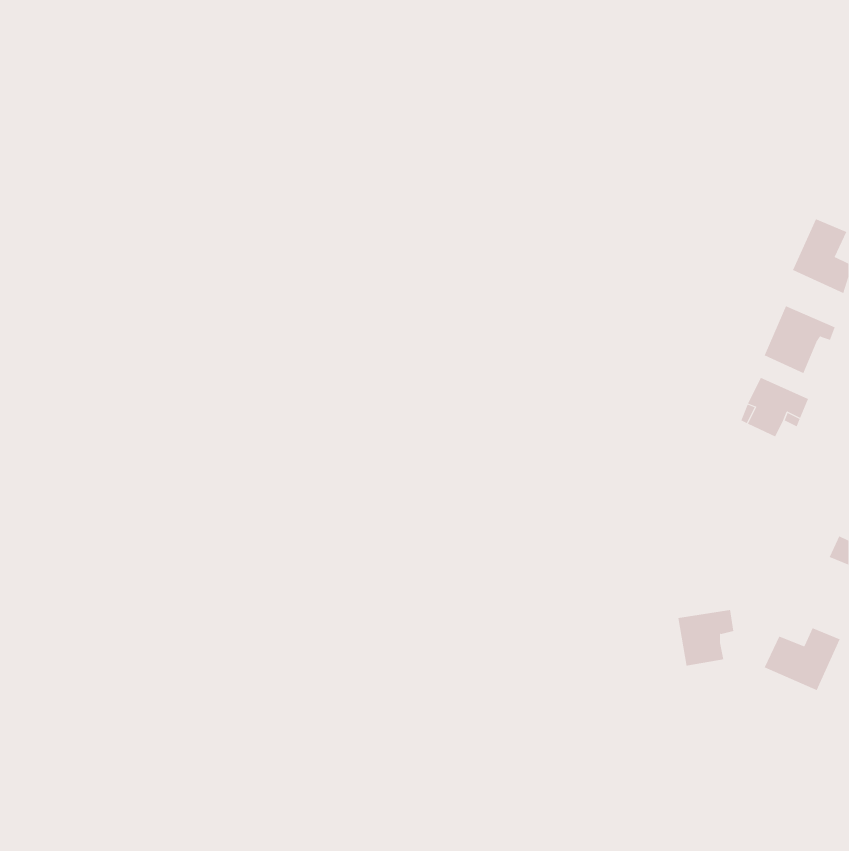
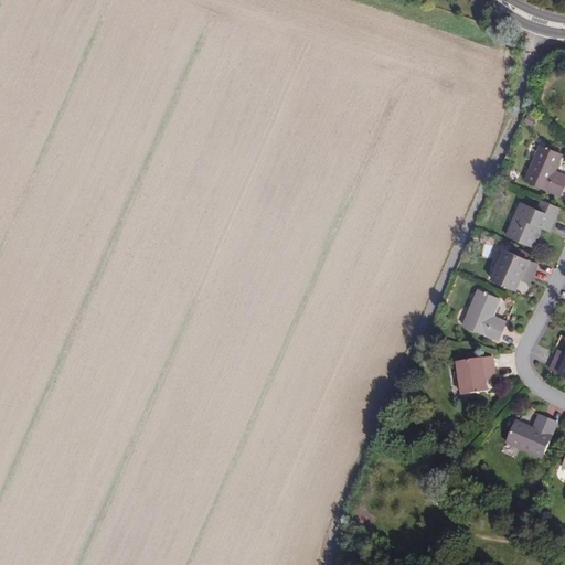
building: none -> [462,289,505,340]
building: [677,609,734,666] -> [456,356,493,394]

